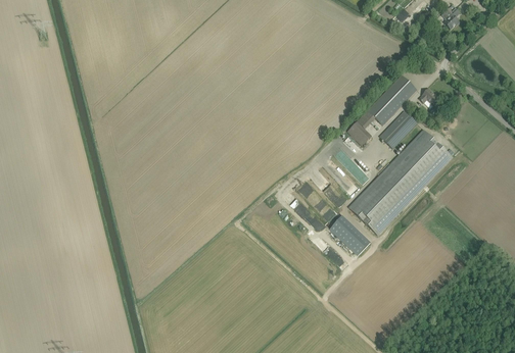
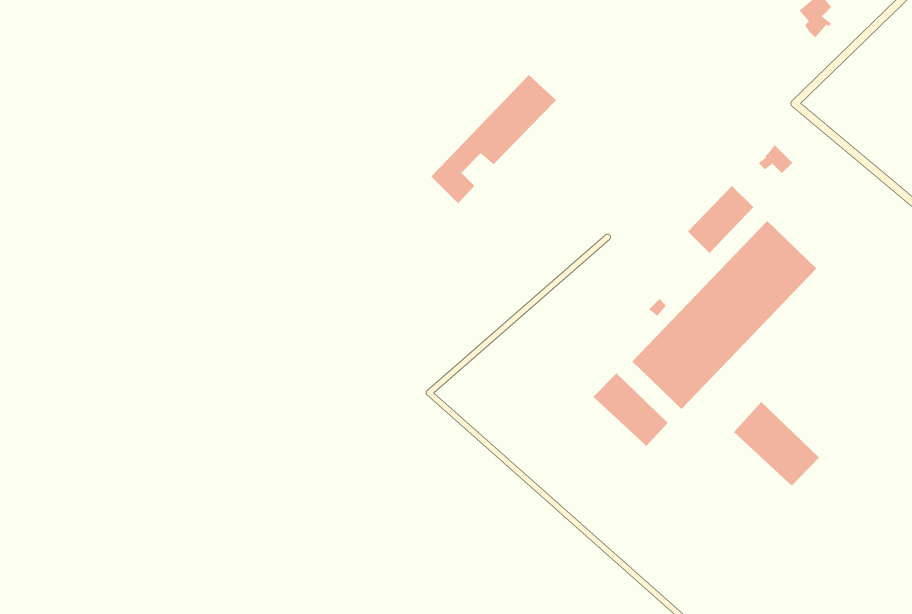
building: [346,74,416,146] -> [430,74,557,204]
building: none -> [733,401,820,486]

